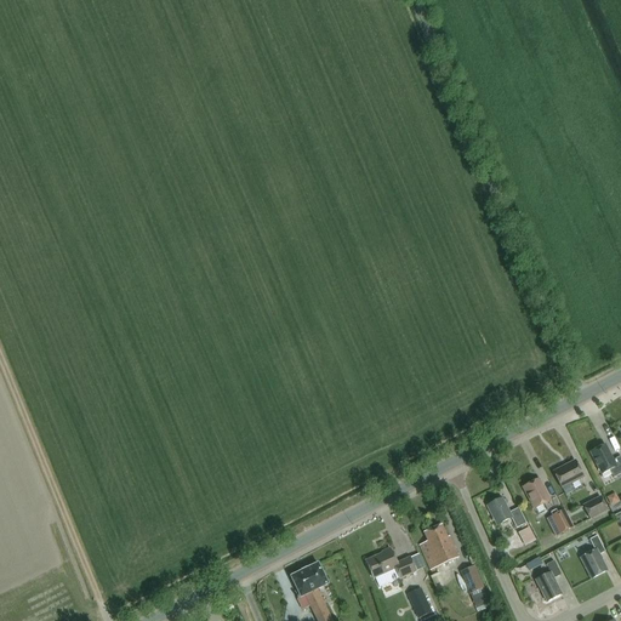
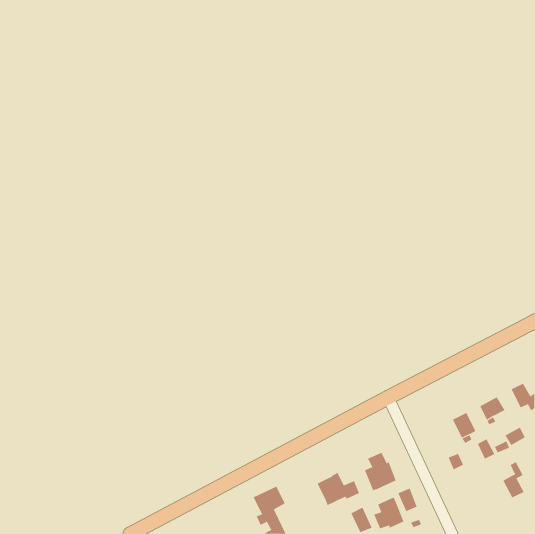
building: [488,496,526,526] -> none
building: [535,559,562,600] -> none
building: none -> [373,497,404,529]

